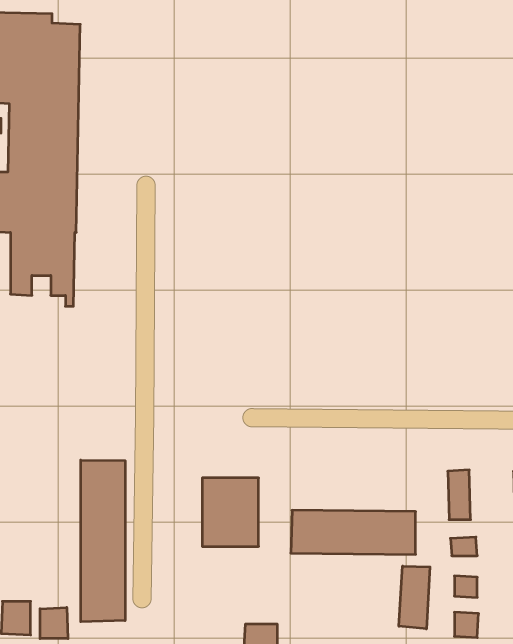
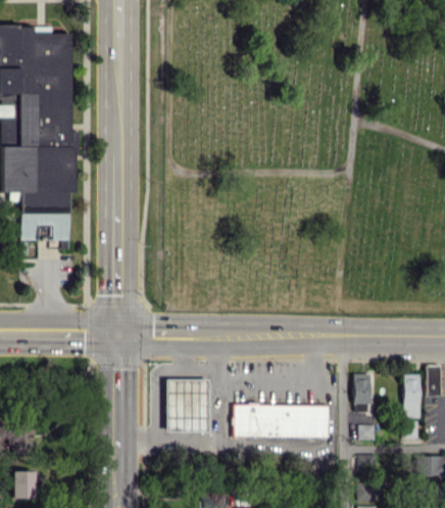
building: [81,460,125,622] -> none
building: [399,566,430,629] -> none
building: [40,607,68,639] -> none

